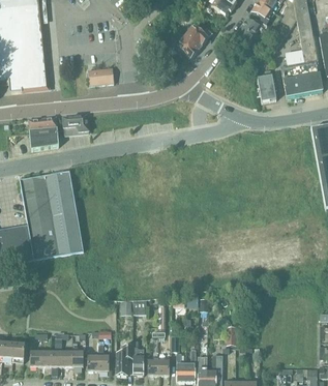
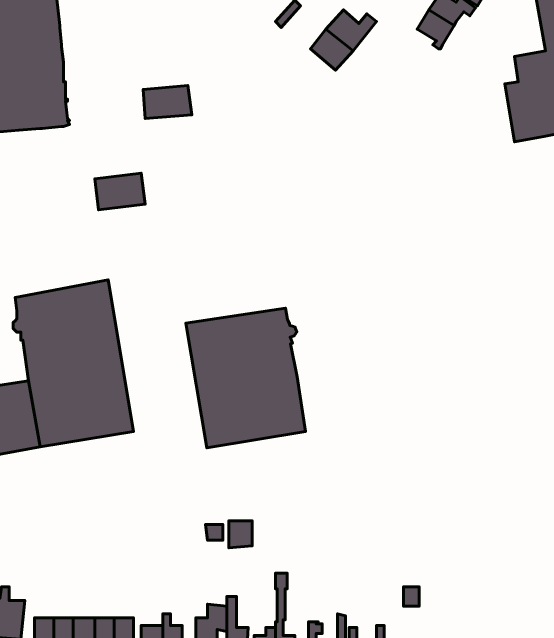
building: [257,67,276,100] -> none
building: [28,116,59,149] -> none
building: none -> [186,308,306,448]

